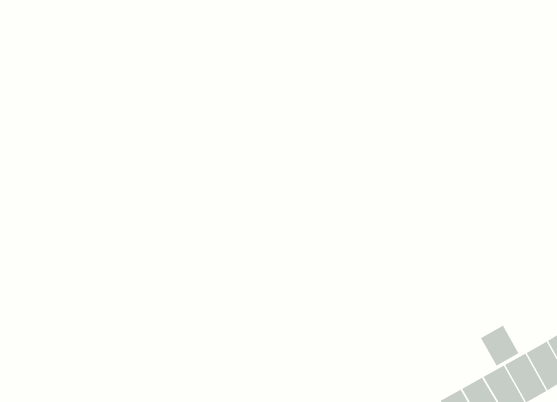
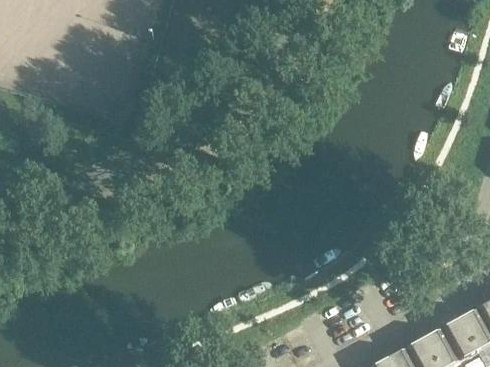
building: [480,325,519,367] -> none

